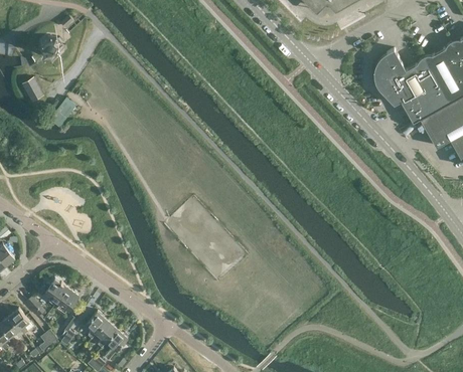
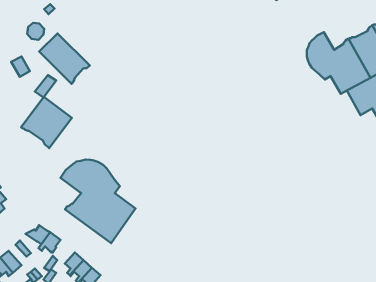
building: none -> [39,33,90,84]
building: none -> [21,97,72,148]
building: none -> [60,159,136,243]

